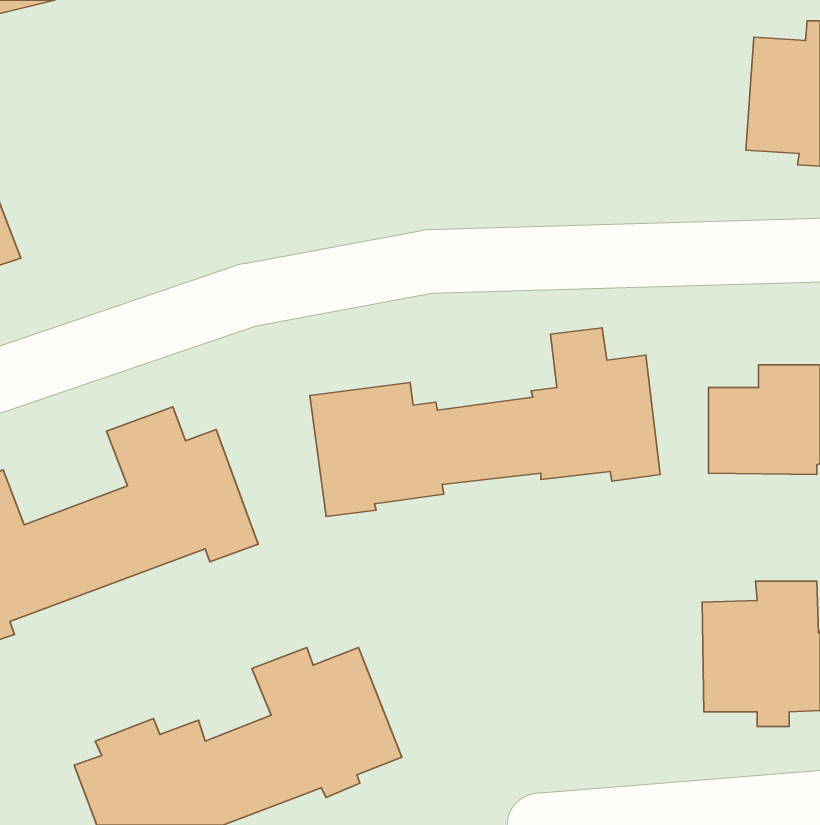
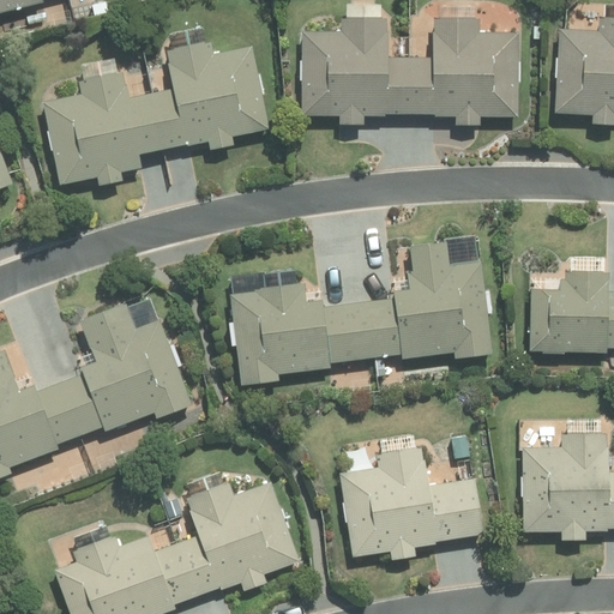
building: none -> [302,18,516,125]
building: none -> [43,41,266,182]
building: none -> [339,444,483,559]

